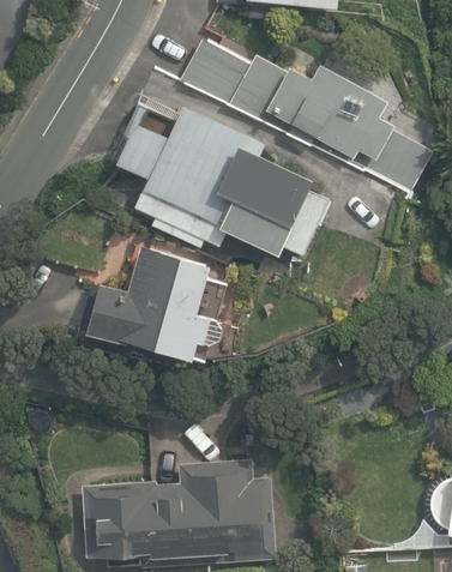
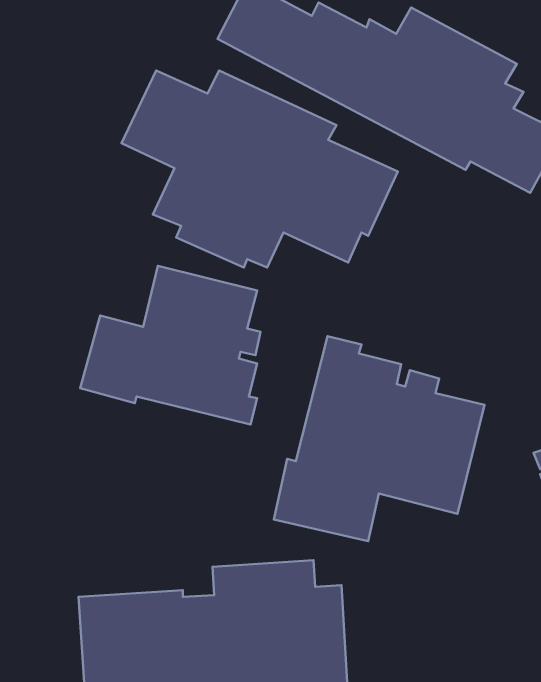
building: none -> [274,336,485,541]

